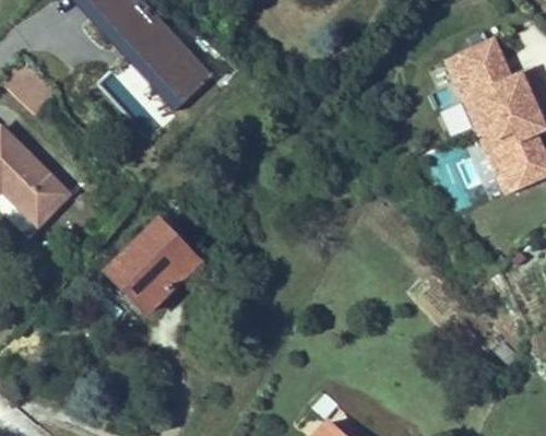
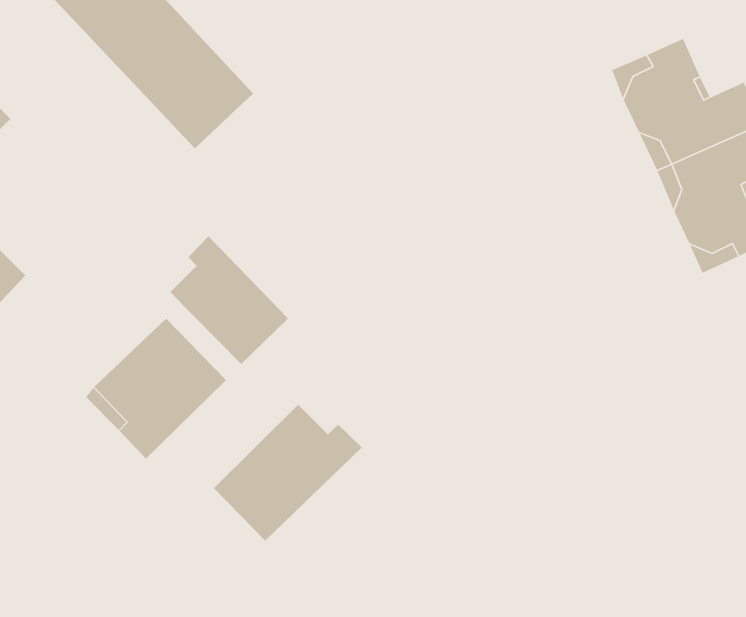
building: none -> [169,236,289,365]
building: none -> [213,404,362,542]

